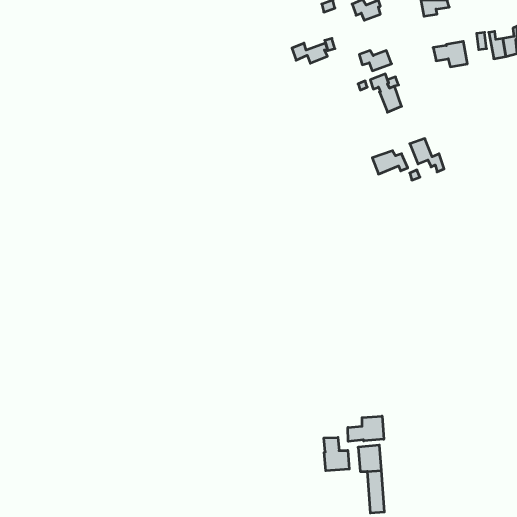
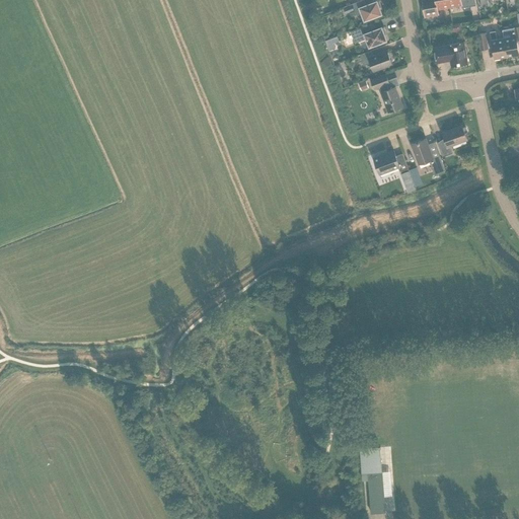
building: [292,43,327,63] -> [351,26,386,47]
building: none -> [438,125,467,157]
building: [348,416,384,441] -> none
building: [324,437,349,471] -> none

